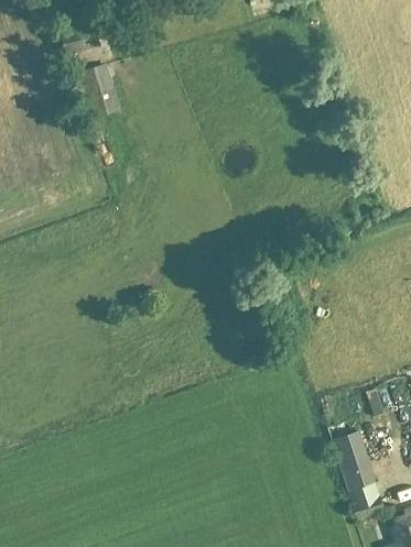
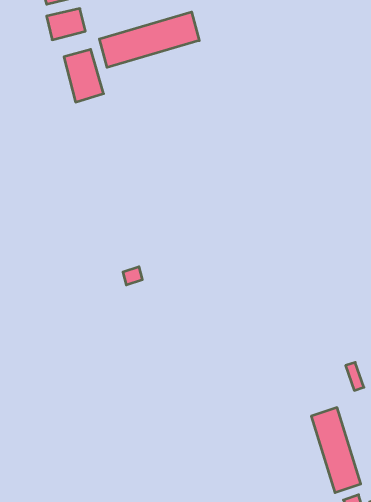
building: none -> [99,12,199,67]

